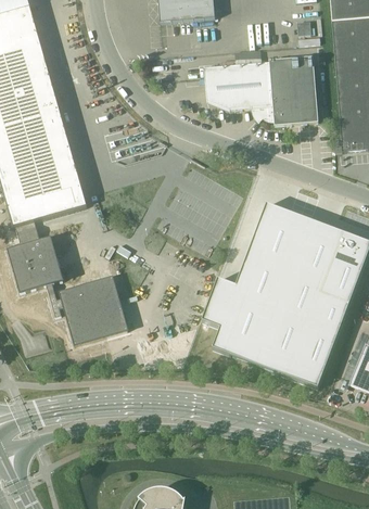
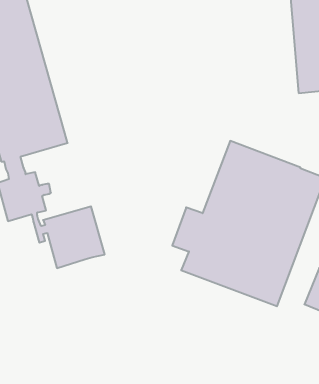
building: [204,56,319,125] -> none

